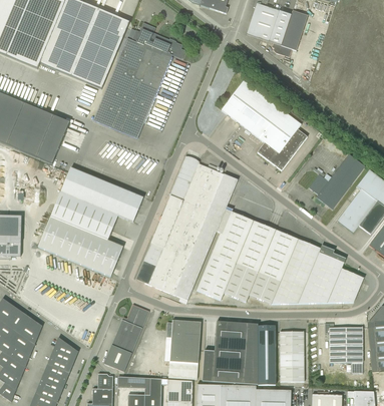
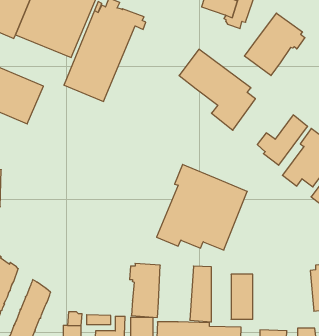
building: none -> [244,13,305,76]
building: [148,163,238,300] -> none
building: [38,167,143,276] -> none
building: [272,239,363,304] -> none
building: [104,304,149,371] -> none
building: [213,321,238,382] -> none
building: [325,323,363,373] -> none
building: [258,325,276,384] -> none

